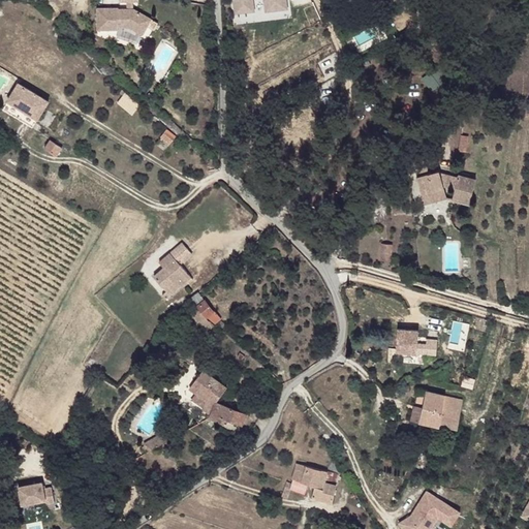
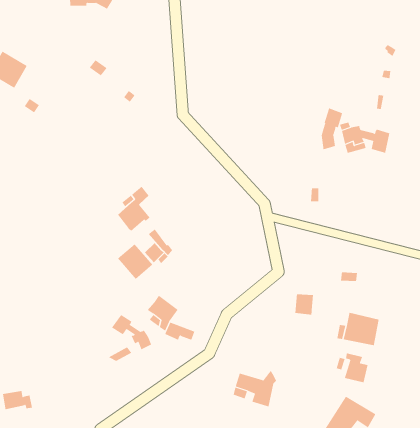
building: none -> [321,108,343,150]
building: none -> [117,243,153,280]
building: [395,330,417,354] -> [294,294,314,315]
building: none -> [111,314,152,350]
building: none -> [344,353,368,383]

